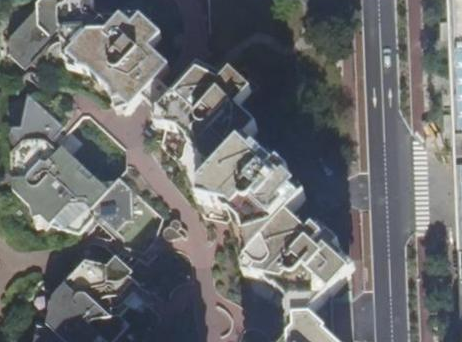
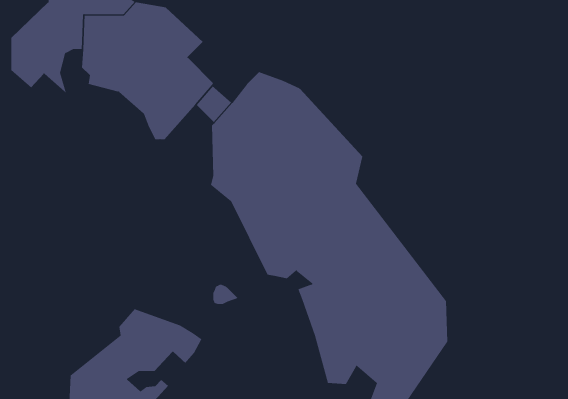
building: [12,87,137,235] -> none

